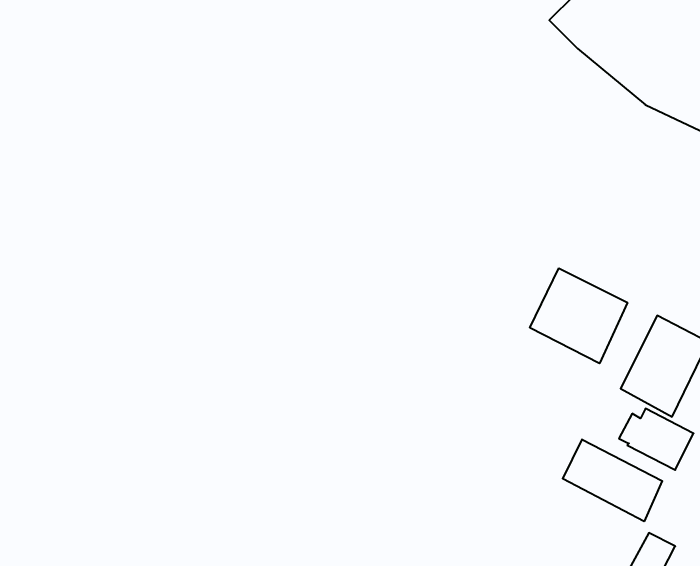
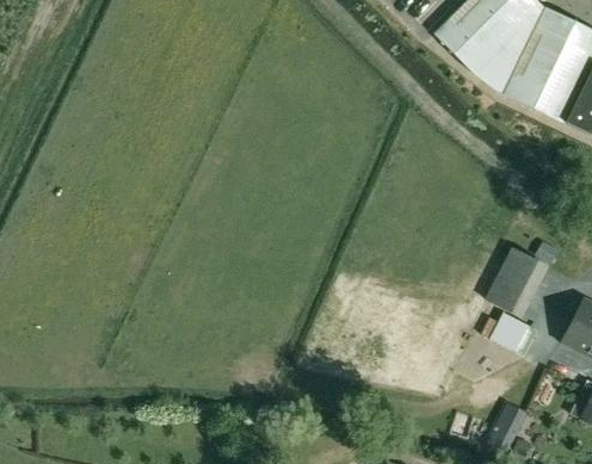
building: [530,268,627,363] -> none
building: [563,439,662,521] -> none

